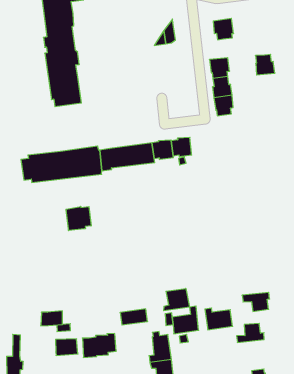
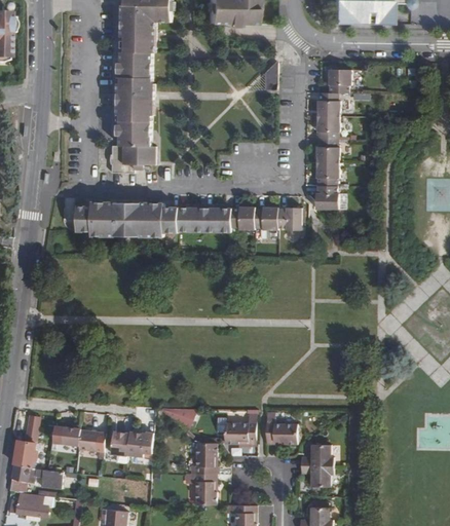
building: [255,54,275,75] -> [315,91,338,116]
building: none -> [109,146,155,173]
building: none -> [313,185,336,210]
building: none -> [277,206,302,229]
building: [66,206,91,231] -> none
building: [164,288,189,311] -> none
building: [242,292,270,311] -> [301,464,334,486]
building: [41,311,63,326] -> [51,426,80,445]

